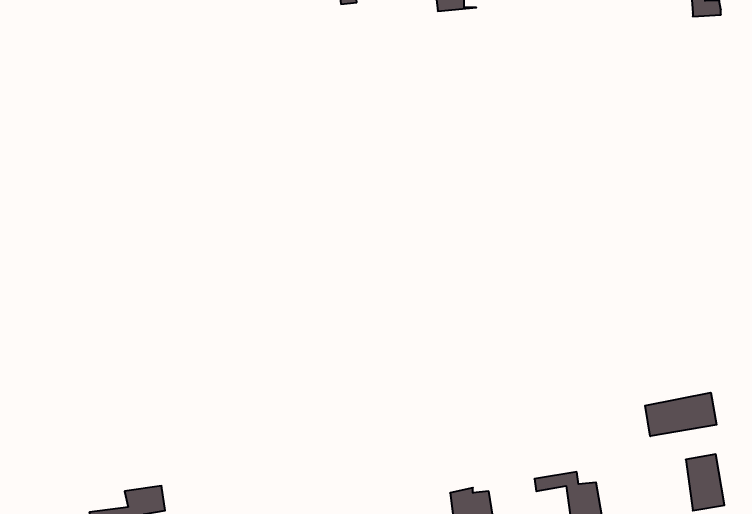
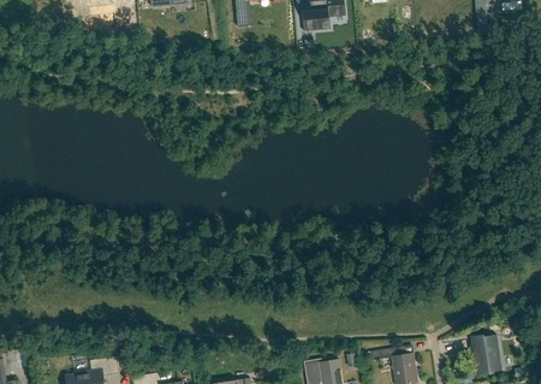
building: [645,393,717,436] -> none

